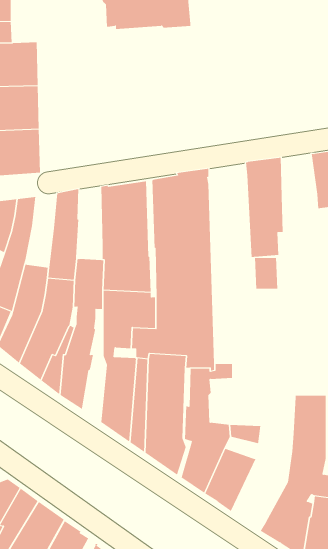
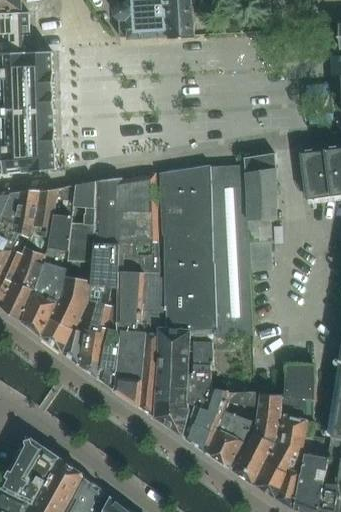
building: none -> [208,169,251,336]
building: none -> [94,179,114,244]
building: none -> [46,185,74,251]
building: none -> [97,305,118,388]
building: none -> [231,394,279,483]

